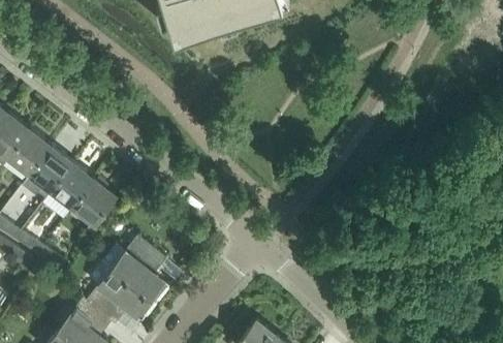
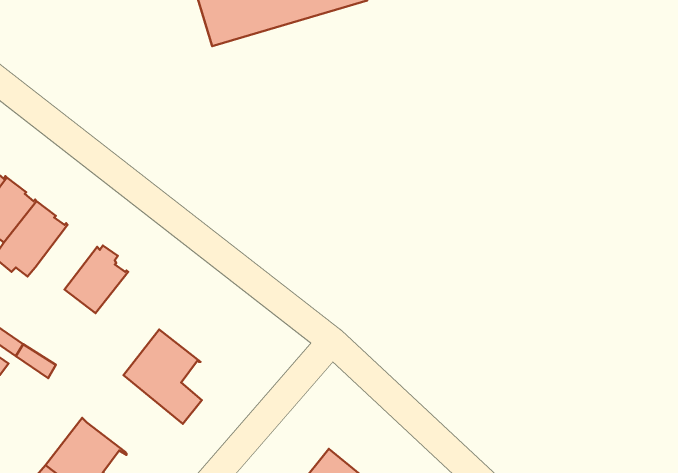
building: [50,164,93,210] -> none
building: [86,270,153,323] -> none

